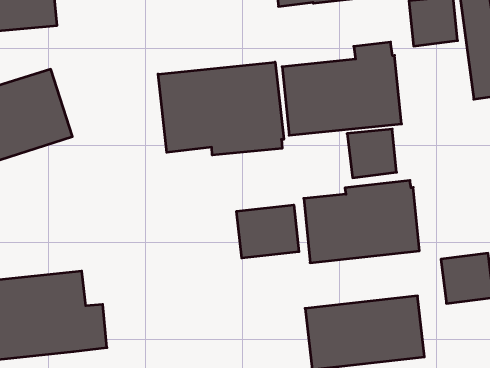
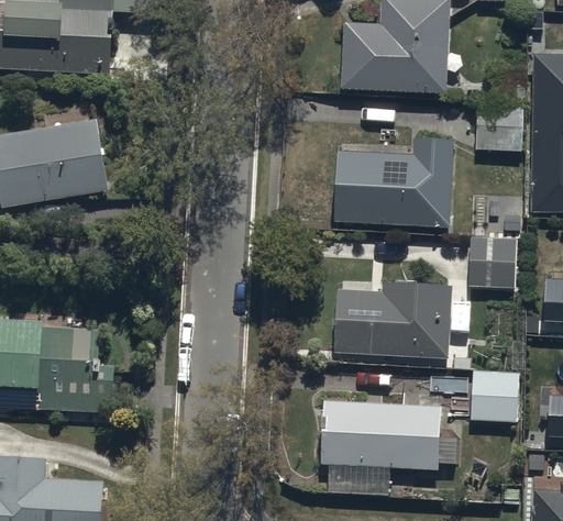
building: [158,62,284,155] -> none
building: [347,129,397,178] -> [468,237,517,285]
building: [237,205,299,258] -> none

